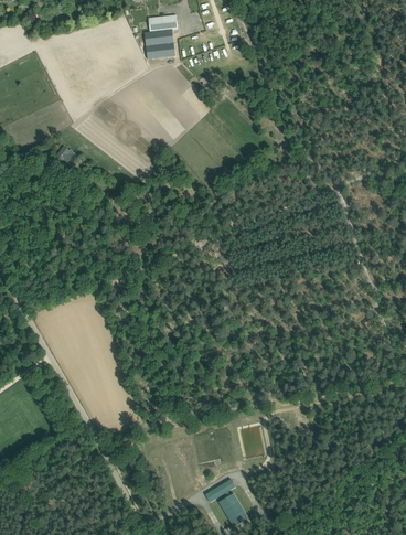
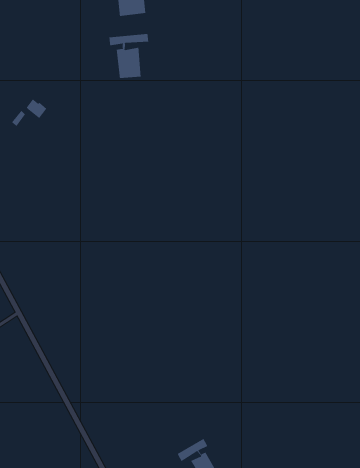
building: none -> [109,33,149,79]

